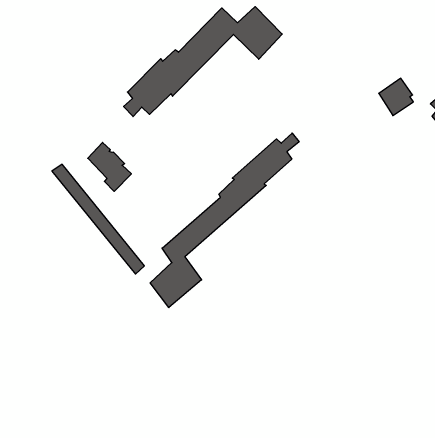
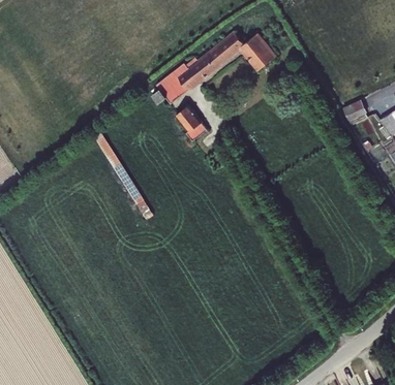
building: [150,133,299,308] -> none
building: [88,142,131,191] -> [176,104,207,141]

